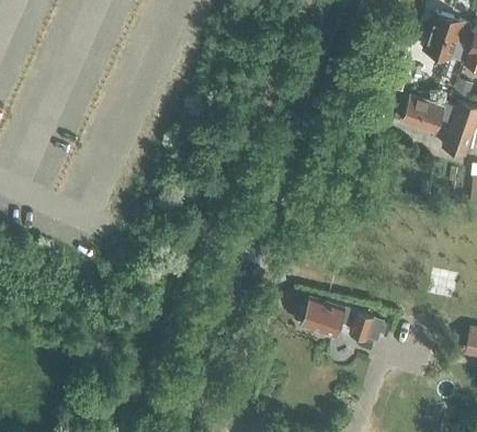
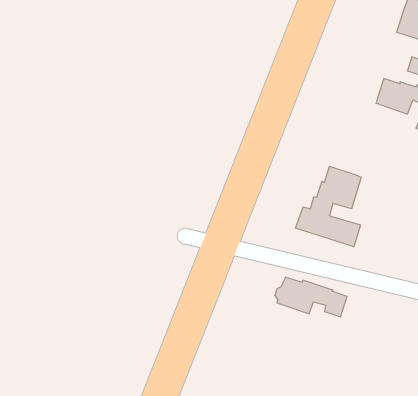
building: none -> [295,166,361,247]

